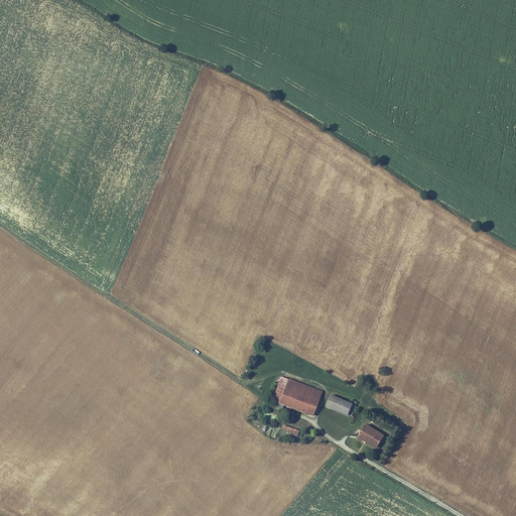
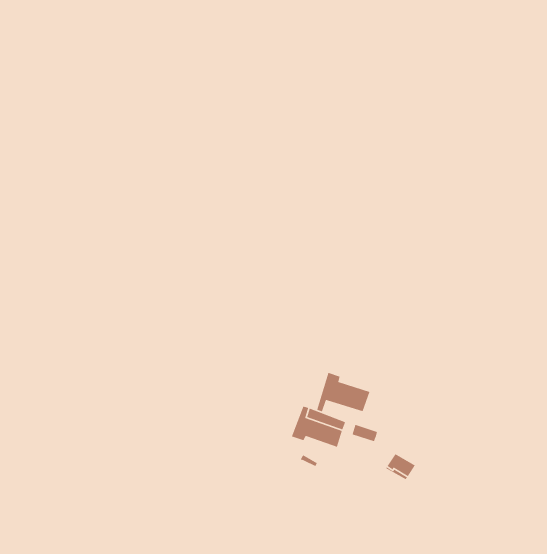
building: none -> [316,372,370,412]

